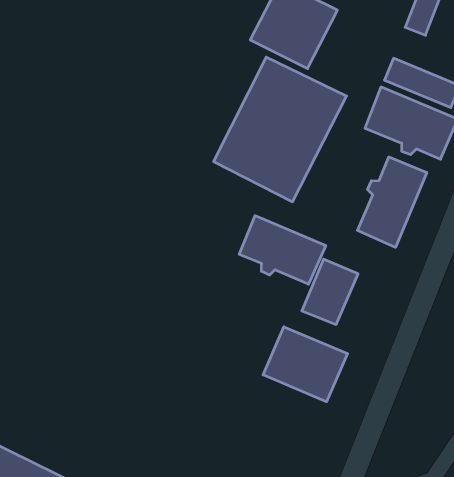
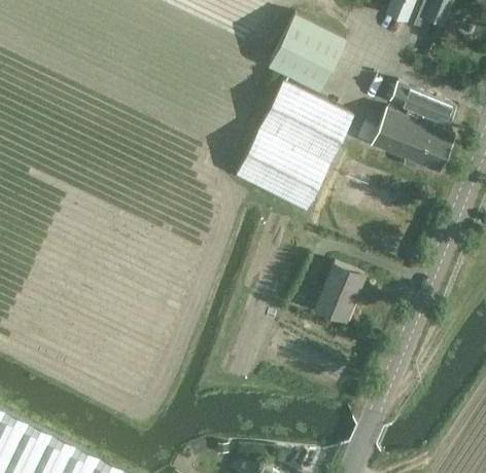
building: [357,157,427,247] -> none
building: [239,216,326,284] -> none
building: [263,327,348,402] -> none

